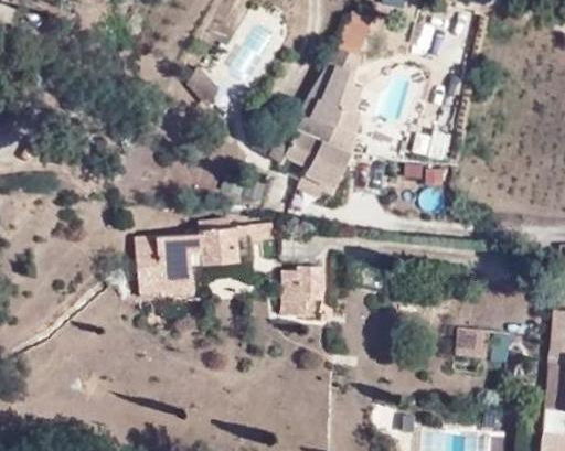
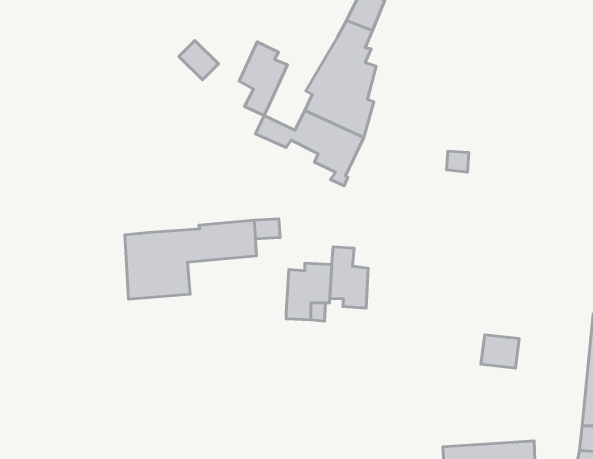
building: none -> [239,42,288,115]
building: none -> [330,247,368,308]

